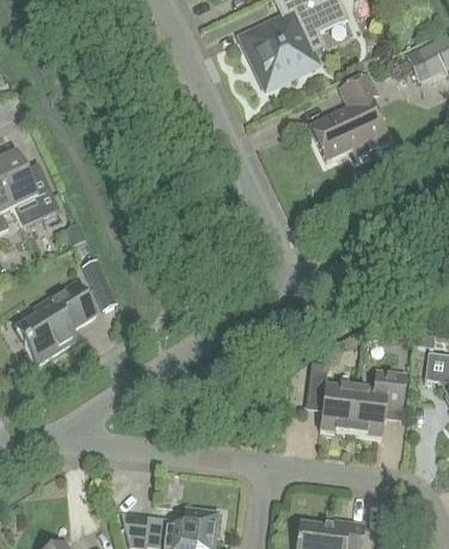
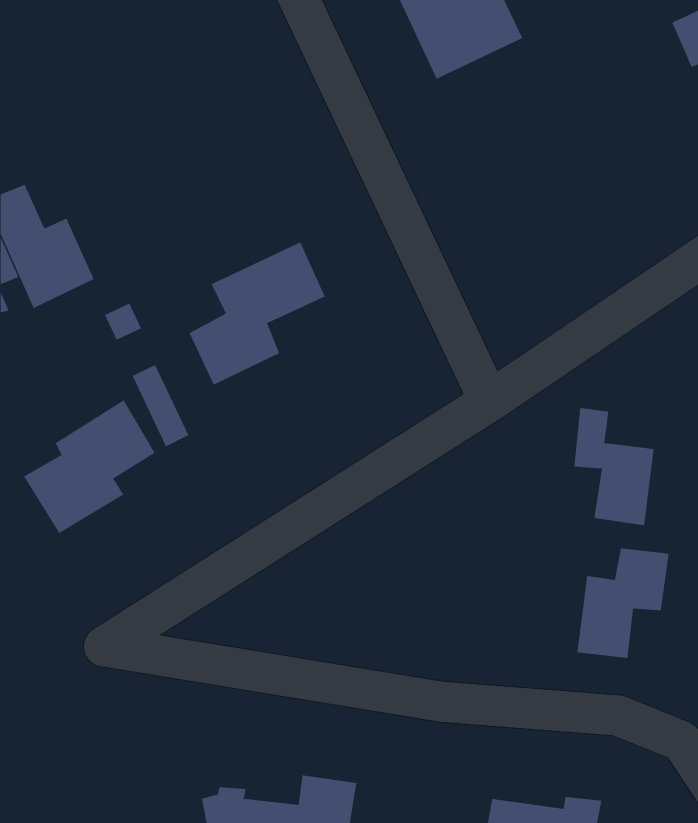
building: [309,74,386,159] -> none
building: none -> [189,242,325,386]
building: [307,362,356,433] -> [574,407,655,526]

